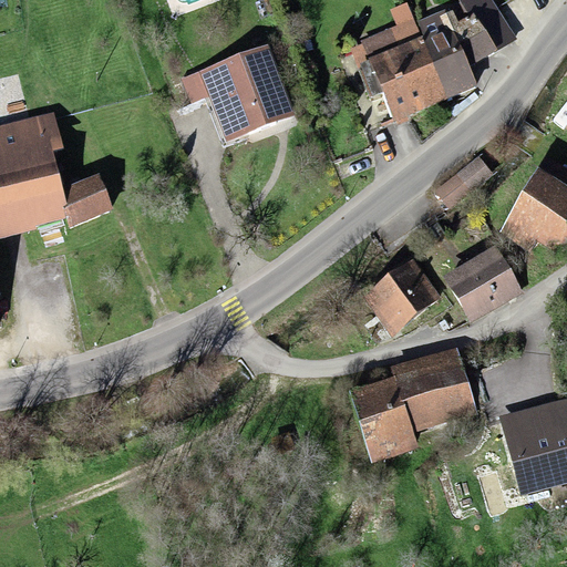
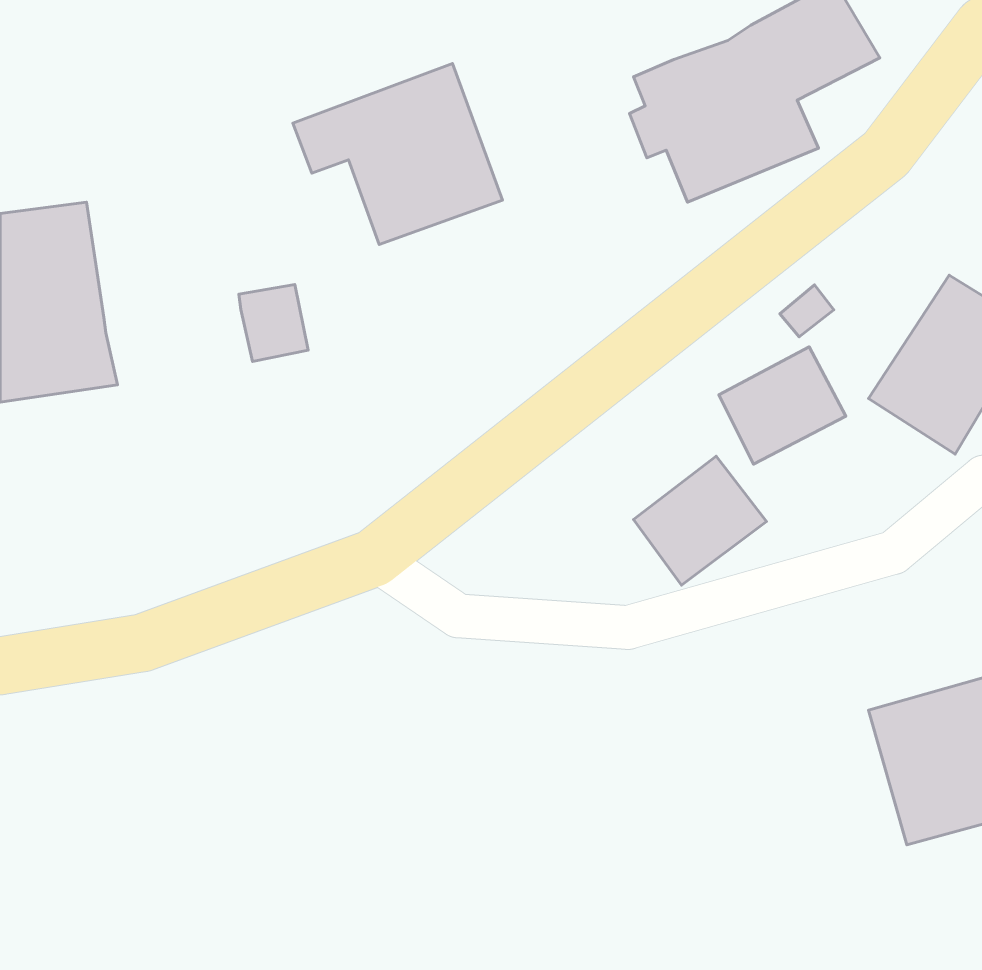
building: [61,177,101,221] -> [239,285,308,362]
building: [446,250,519,318] -> [719,347,846,464]
building: [353,351,474,461] -> none

